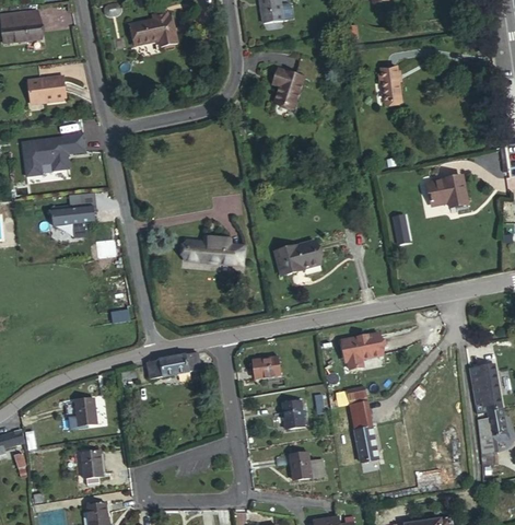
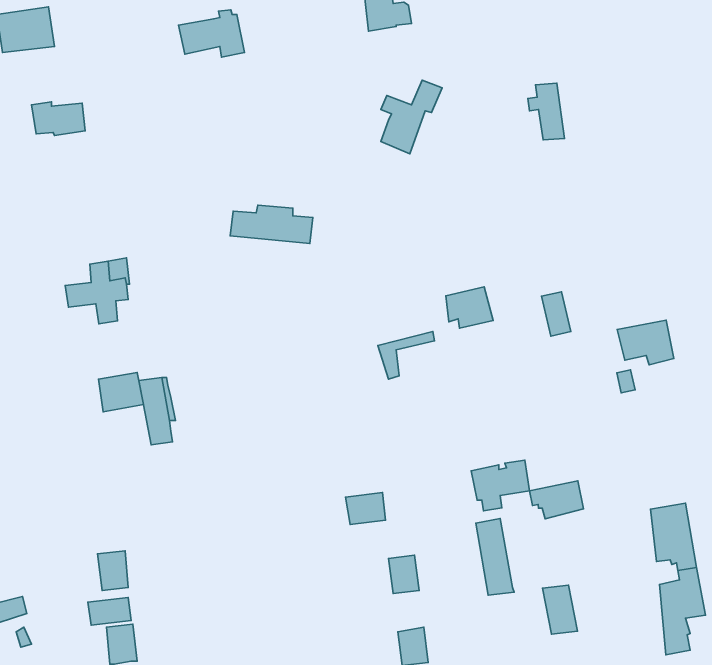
building: [21,130,84,174] -> none
building: [425,176,466,208] -> [617,320,674,365]
building: [184,237,243,265] -> [230,205,313,243]
building: [286,247,320,277] -> [446,287,493,328]
building: none -> [99,372,143,412]
building: none -> [529,481,583,519]
building: [145,351,202,378] -> none
building: [352,427,377,462] -> [542,585,578,634]
building: none -> [88,598,131,625]

